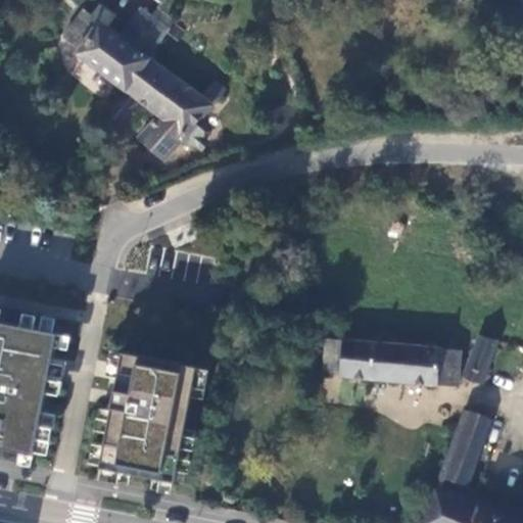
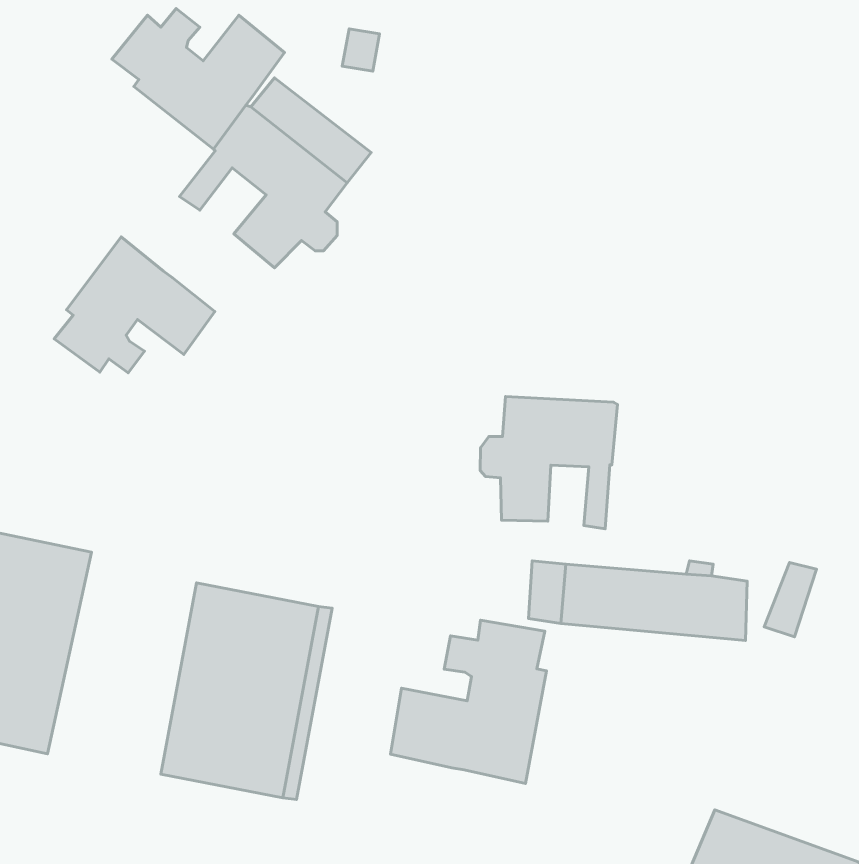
building: none -> [54,237,215,373]
building: none -> [480,396,618,529]
building: none -> [390,620,546,784]
building: [436,412,487,486] -> none

